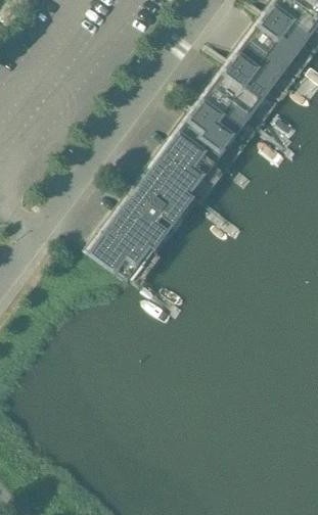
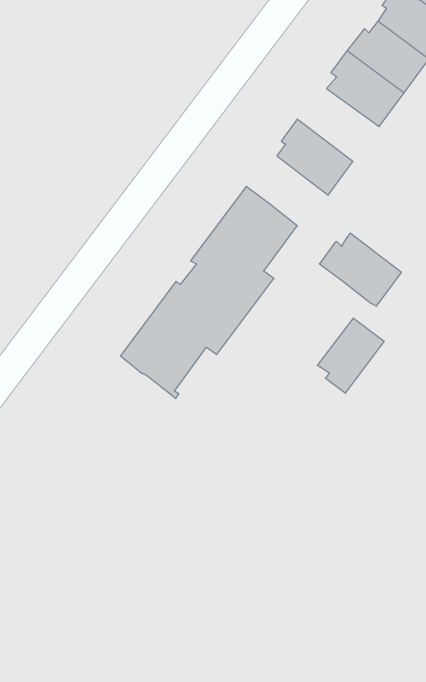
building: [213,65,270,116] -> none
building: [177,112,234,163] -> [319,233,401,306]
building: none -> [317,318,384,393]

